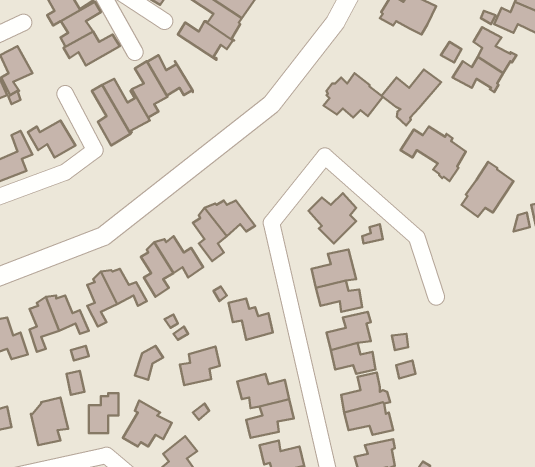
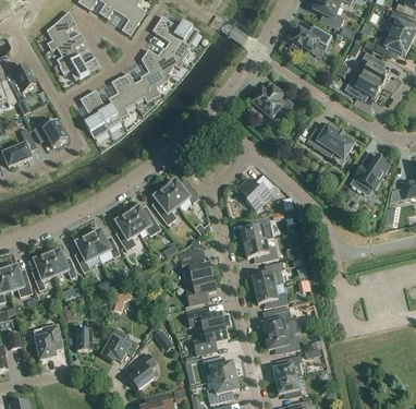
building: none -> [140,57,171,98]
building: [382,70,441,126] -> none
building: [180,347,220,385] -> [186,276,216,304]

